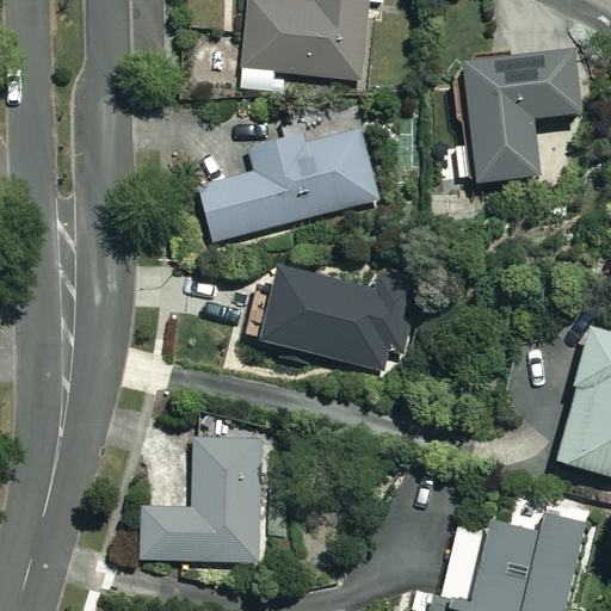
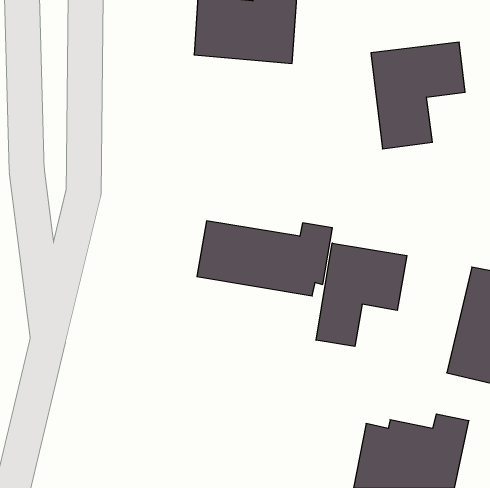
building: [199,122,379,240] -> none
building: none -> [316,243,407,346]
building: [142,437,263,560] -> none

